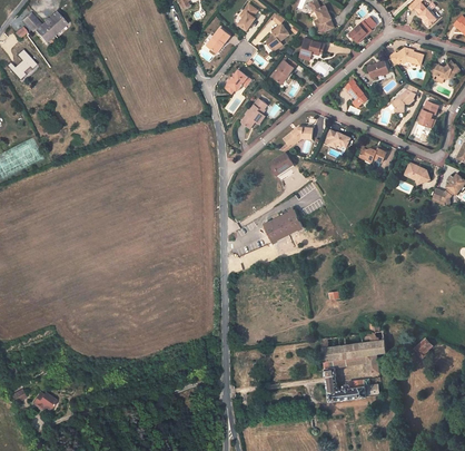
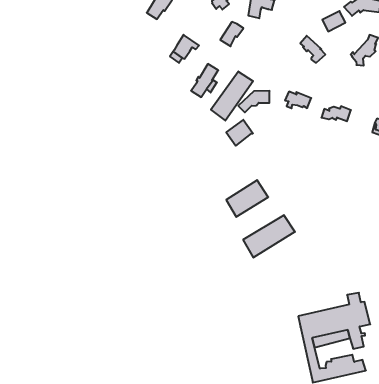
building: none -> [211,71,253,121]
building: none -> [243,215,295,258]

